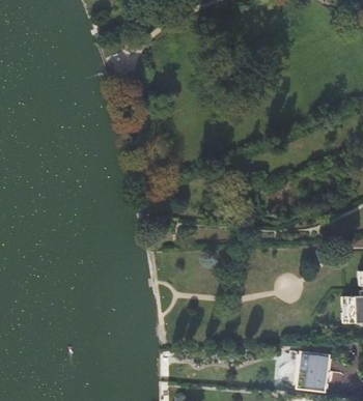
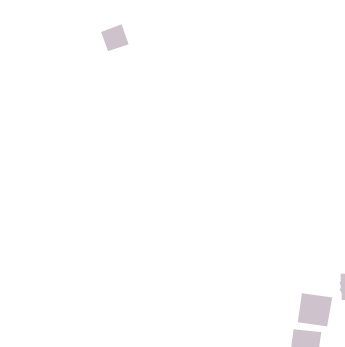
building: none -> [297,292,333,327]

